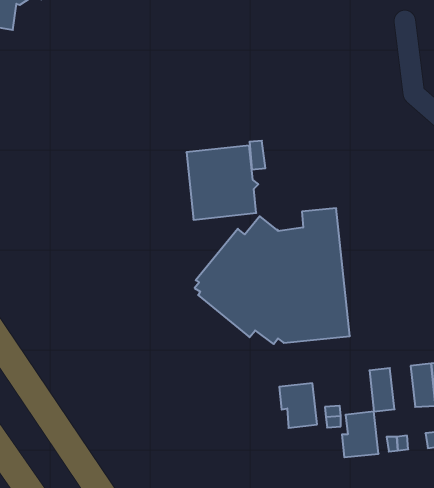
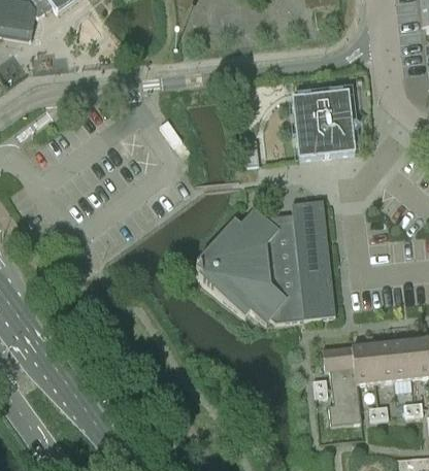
building: [186,145,258,220] -> [292,90,357,157]
building: none -> [371,341,394,380]
building: [279,383,317,428] -> [323,345,357,385]

